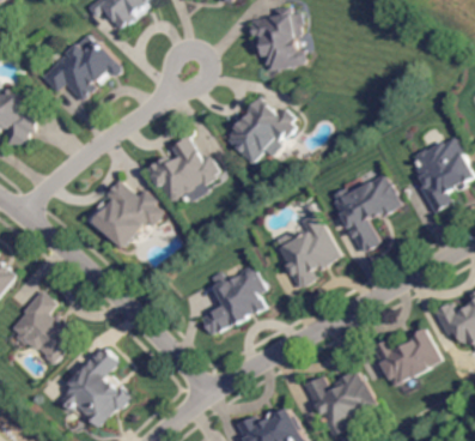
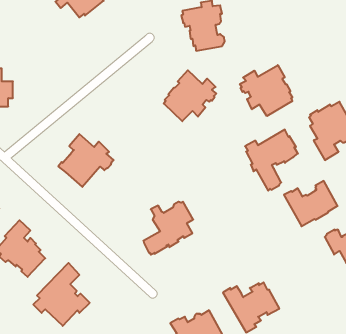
building: [42,34,121,101] -> none
building: none -> [240,65,292,116]
building: [146,135,219,201] -> none
building: [275,223,340,288] -> none
building: [372,327,441,386] -> [284,181,338,226]

